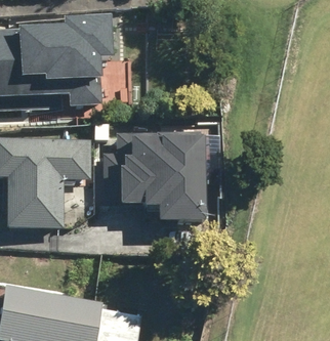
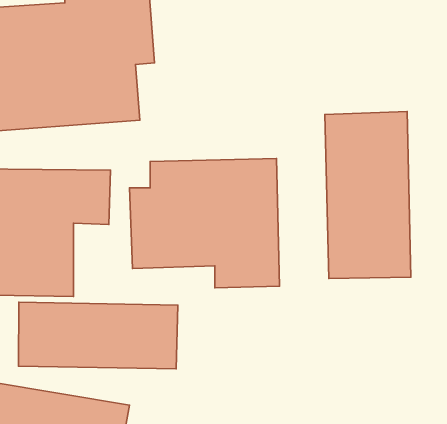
building: none -> [325,112,411,278]
building: none -> [18,302,178,369]

